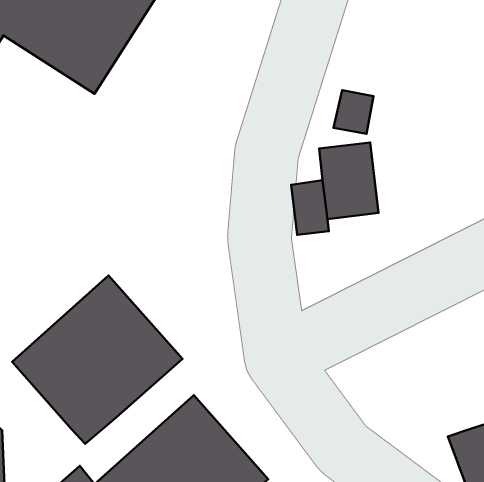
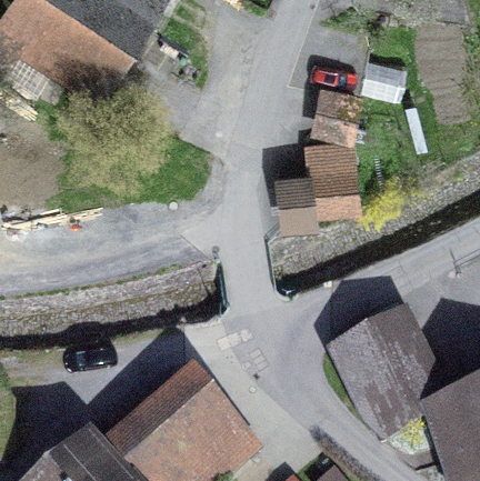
building: [12,275,182,444] -> none
building: none -> [333,313,441,437]

